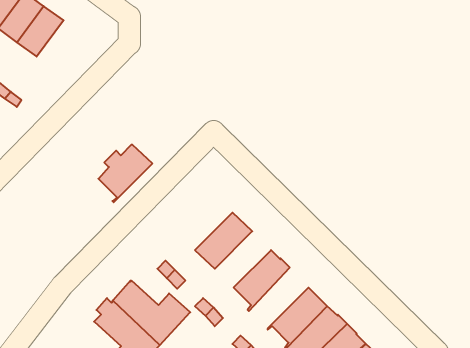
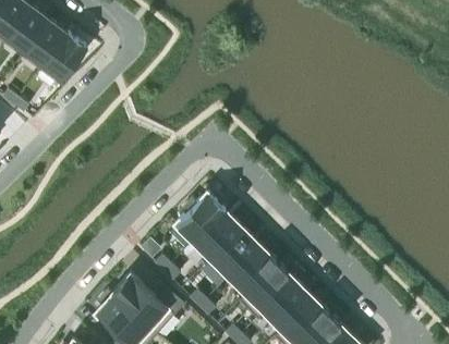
building: none -> [43,33,86,81]
building: [98,145,152,202] -> [175,193,226,246]
building: none -> [208,229,260,281]
building: none -> [240,262,295,319]

